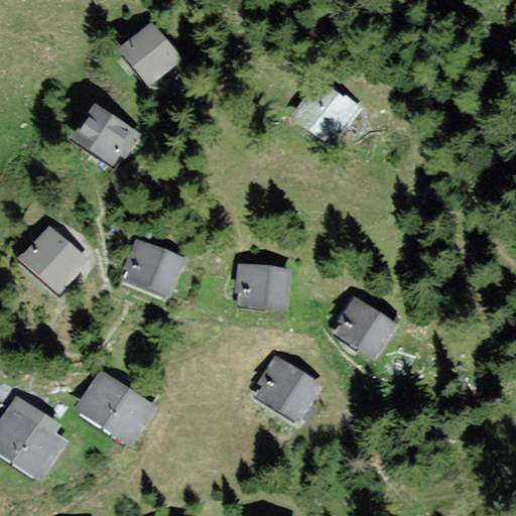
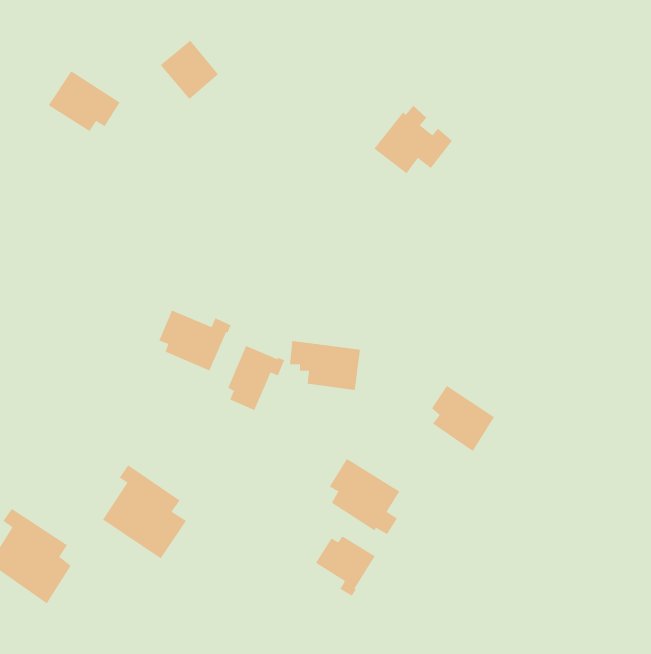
building: [77,112,134,160] -> [48,71,121,132]
building: [26,234,79,291] -> none
building: none -> [227,345,285,411]
building: none -> [315,535,375,596]

